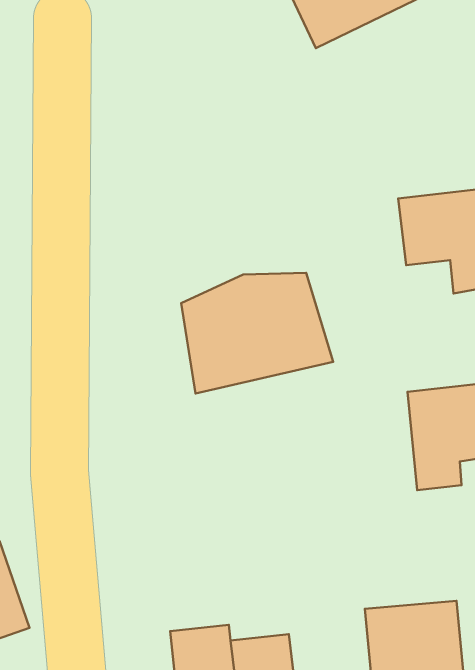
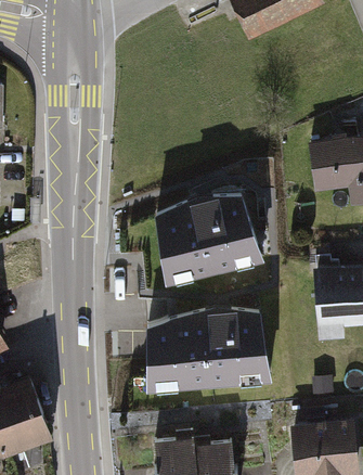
building: none -> [145,299,272,383]

